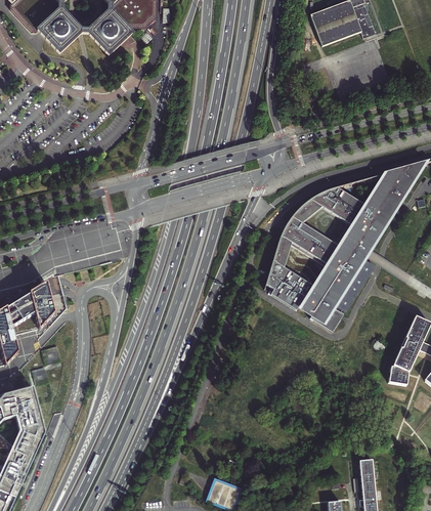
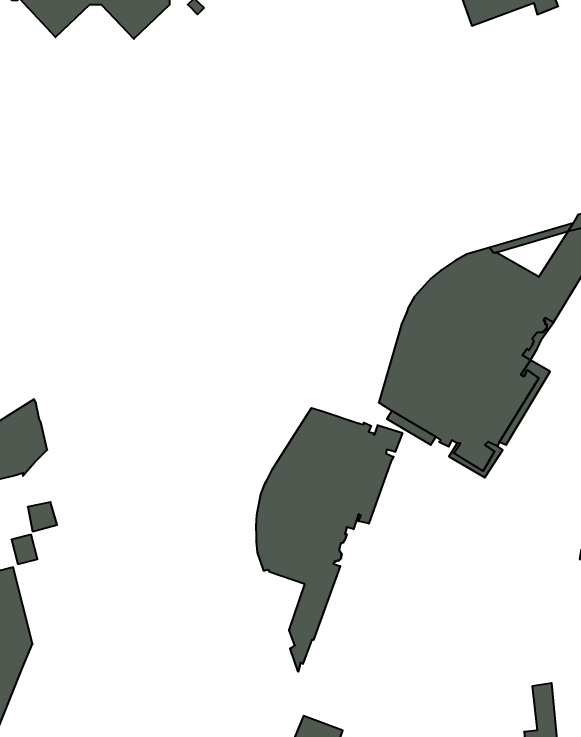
building: none -> [256,408,402,672]

